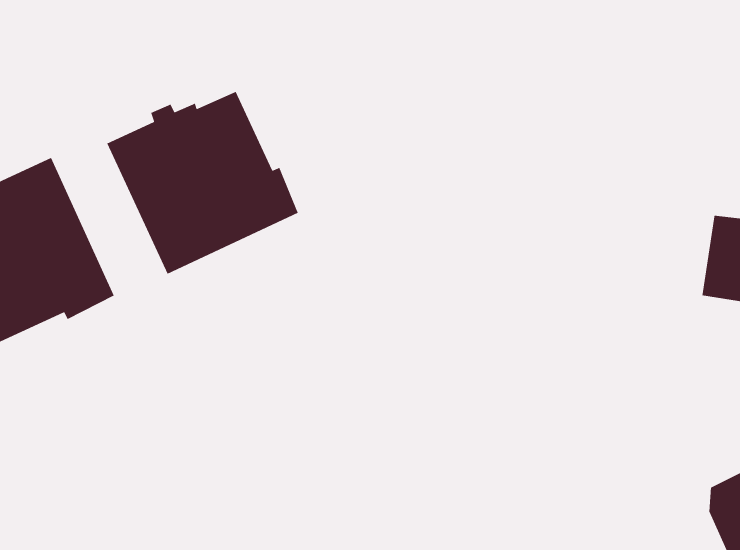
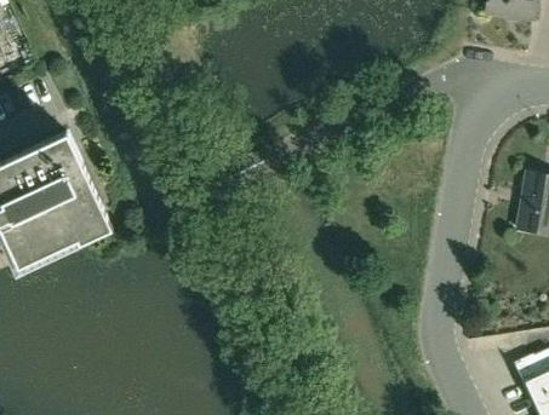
building: [106,91,299,275] -> none

